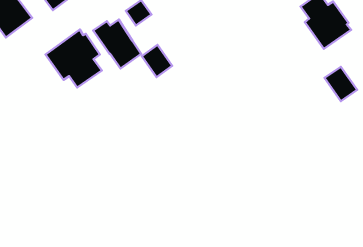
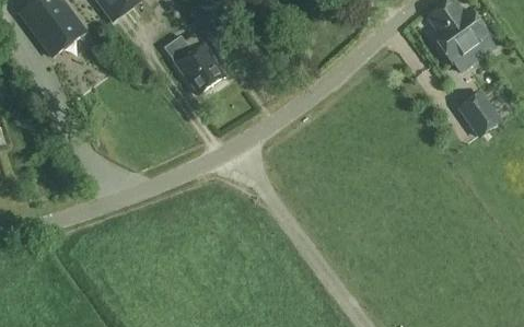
building: [46,30,102,88] -> none
building: [142,45,172,77] -> none

